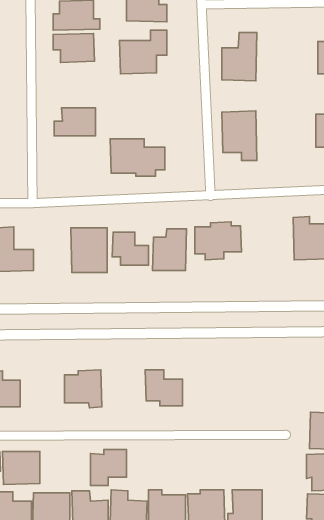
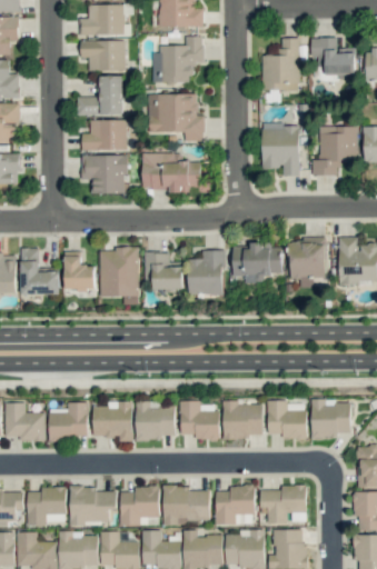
building: none -> [311,38,356,76]
building: none -> [78,76,123,116]
building: none -> [149,94,205,141]
building: none -> [312,126,358,177]
building: none -> [82,154,127,194]
building: none -> [289,239,326,287]
building: none -> [65,251,96,290]
building: none -> [268,400,307,440]
building: none -> [311,400,351,439]
building: none -> [49,402,88,441]
building: none -> [224,402,264,440]
building: none -> [137,403,176,441]
building: none -> [163,486,210,523]
building: none -> [216,486,256,526]
building: none -> [261,486,307,525]
building: none -> [70,488,117,526]

